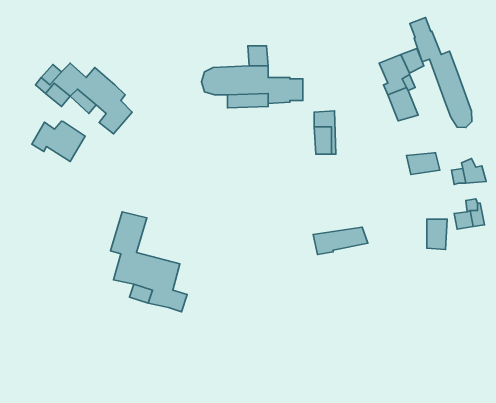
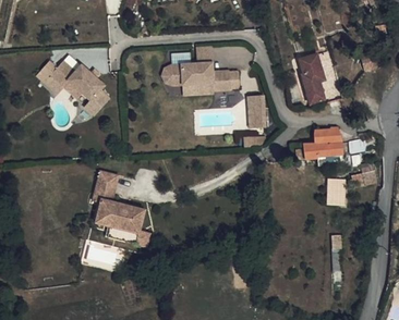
building: [410,17,472,128] -> none
building: [32,121,85,161] -> none
building: [313,227,368,255] -> [303,139,344,160]

